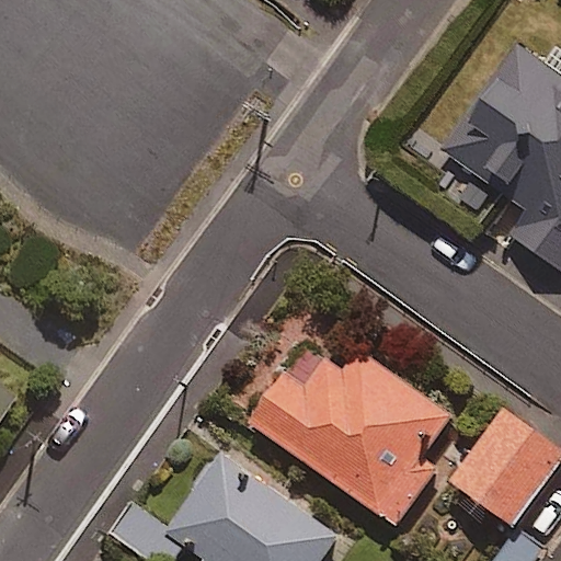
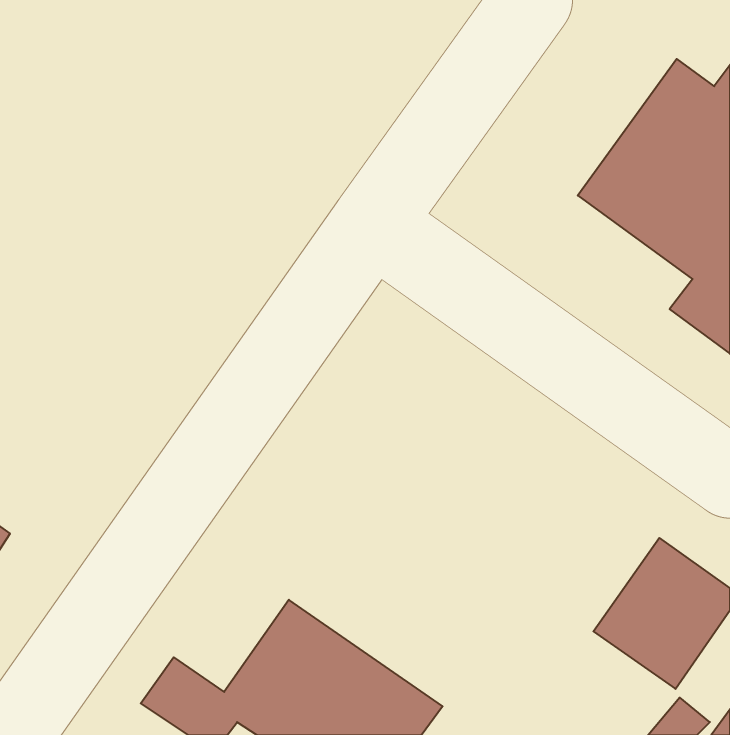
building: [252,346,451,526] -> none

